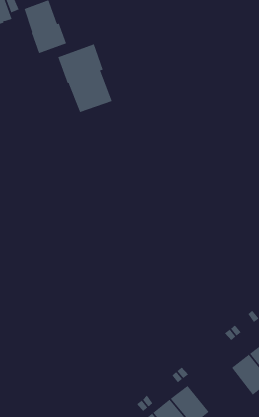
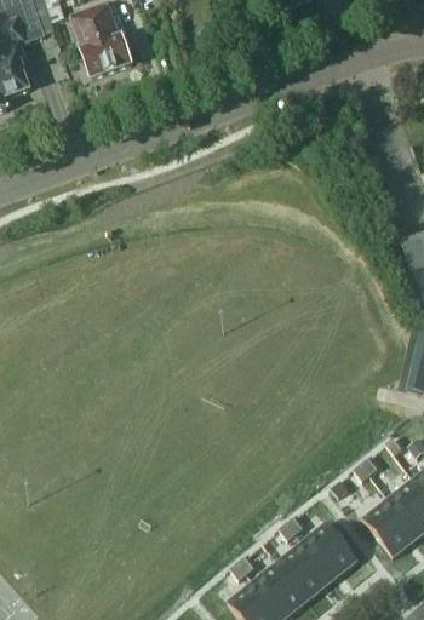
building: [57,43,112,113] -> none
building: none -> [302,521,357,579]

